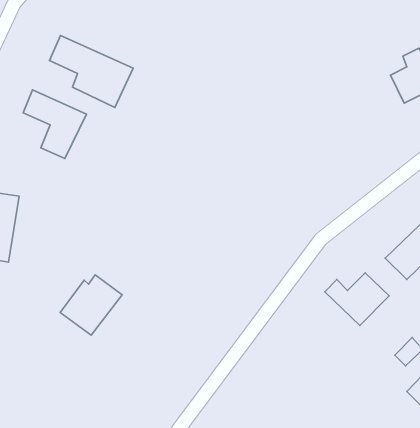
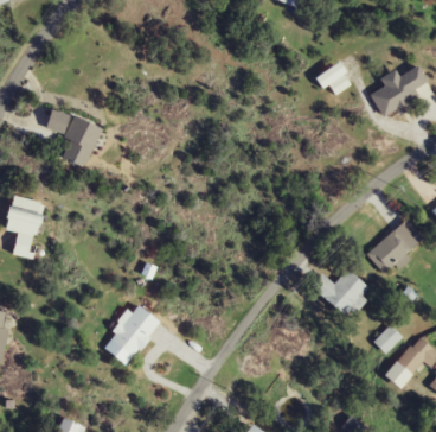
building: [49,35,133,108] -> none
building: none -> [314,62,352,94]
building: [60,275,122,335] -> [107,304,161,357]

